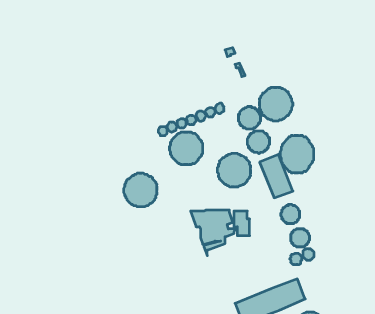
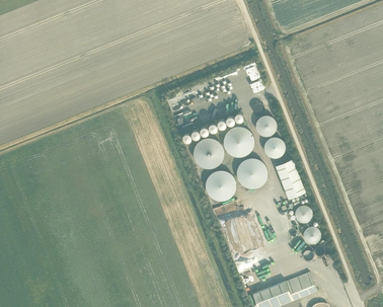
building: [259,88,293,121] -> [223,127,253,157]
building: [280,135,314,173] -> none
building: [124,173,157,207] -> [205,170,235,201]

